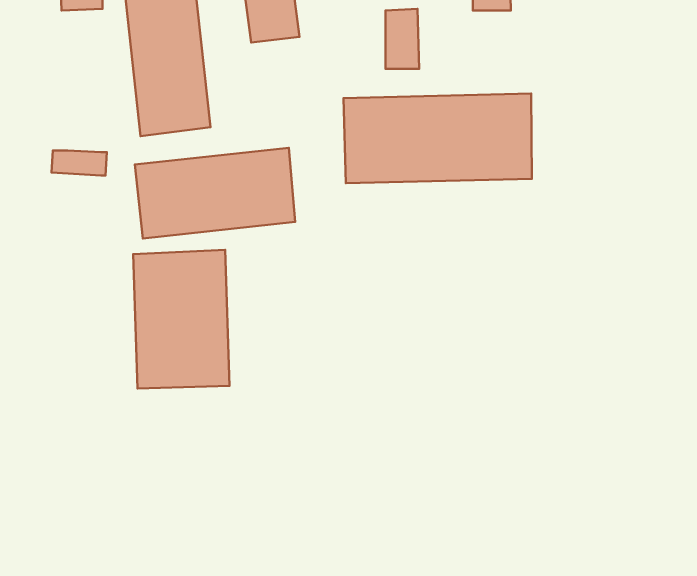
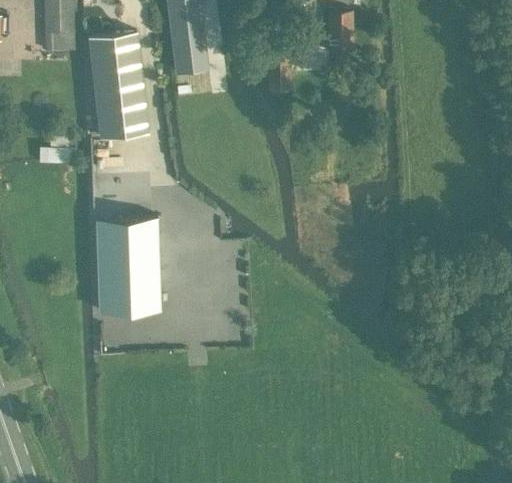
building: [344,93,532,183] -> none
building: [135,148,295,238] -> none

